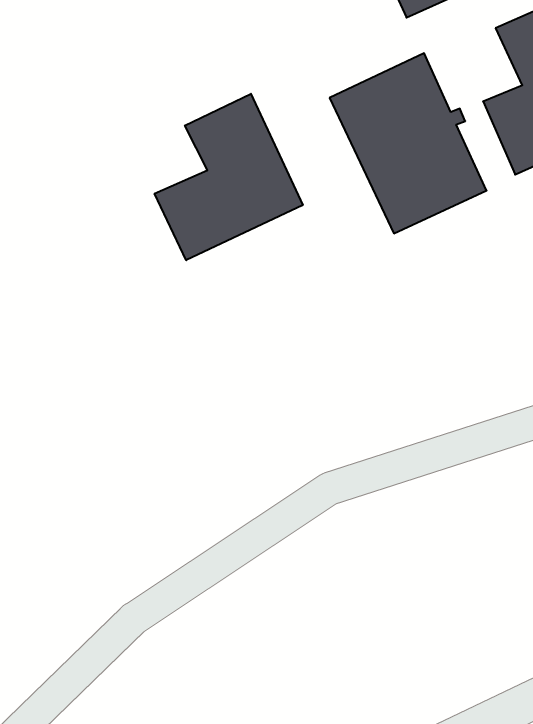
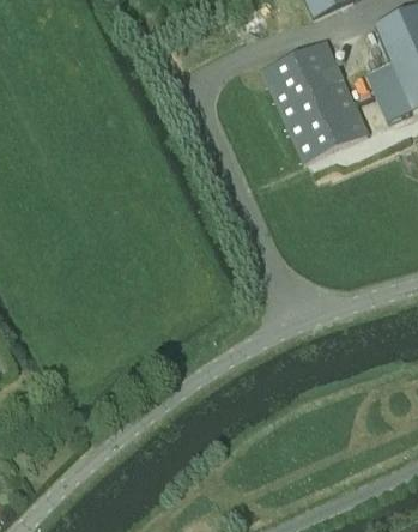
building: [155,94,303,260] -> none

